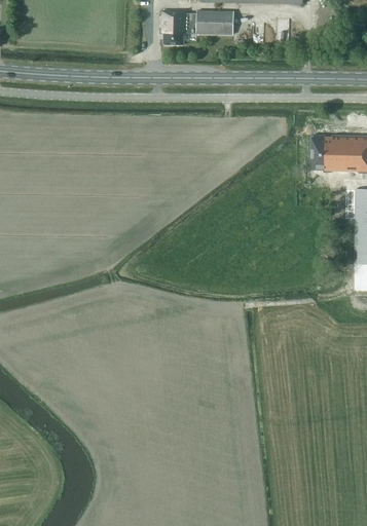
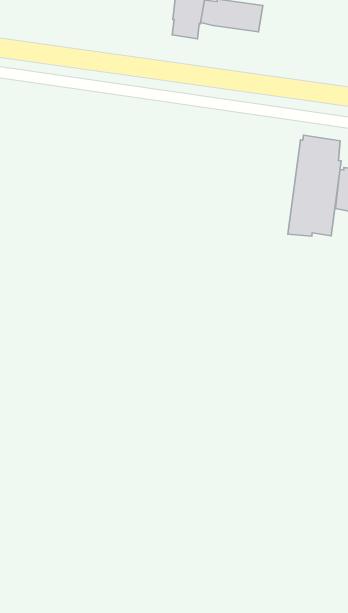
building: none -> [288,135,341,236]

